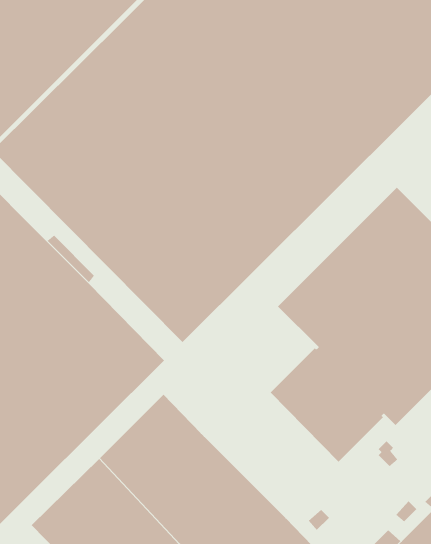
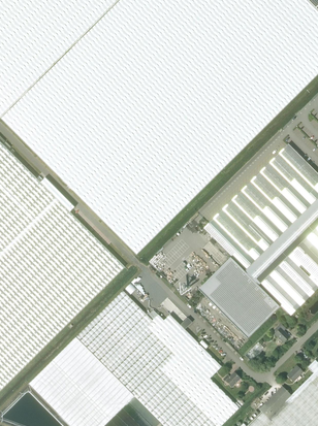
building: none -> [152,314,221,378]

